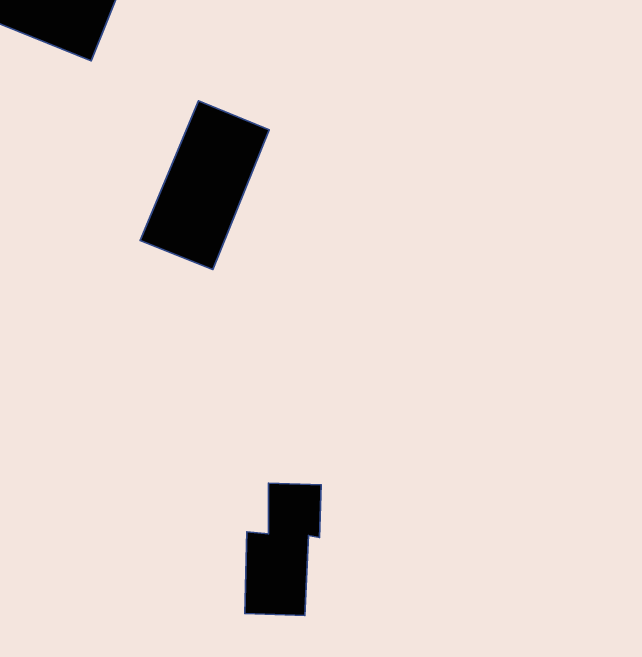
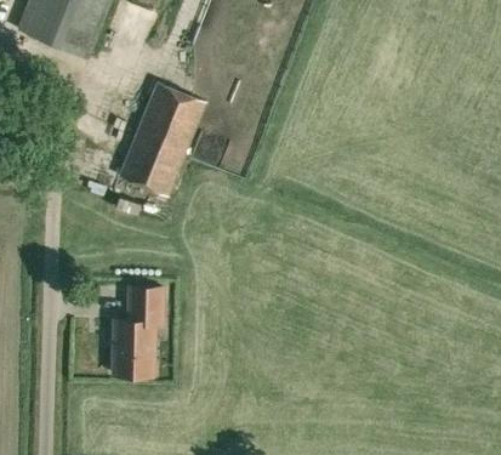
building: [245,483,321,615] -> [112,285,163,374]

